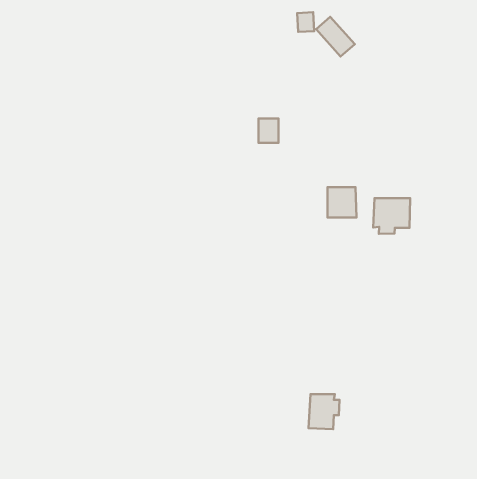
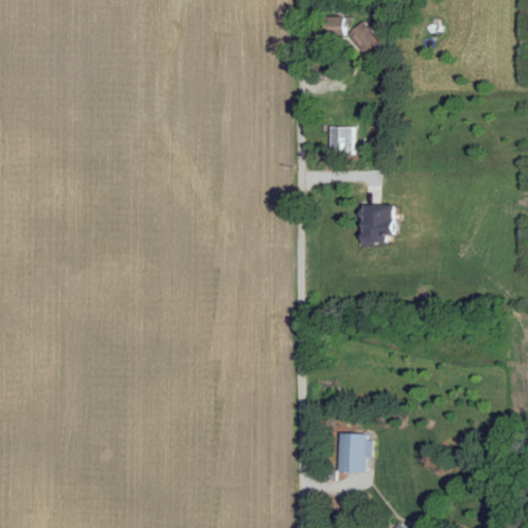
building: [259,119,278,143] -> [330,127,352,154]
building: [373,198,410,234] -> none

